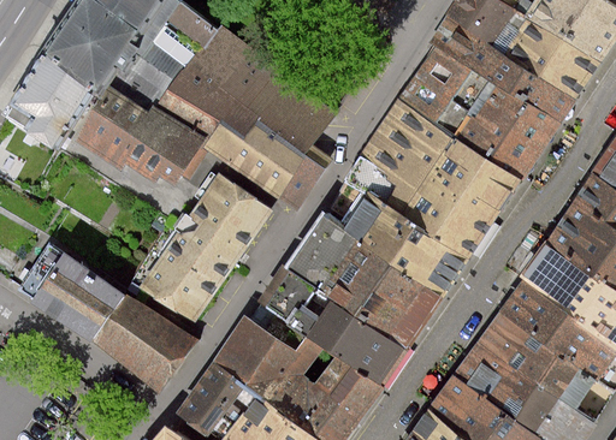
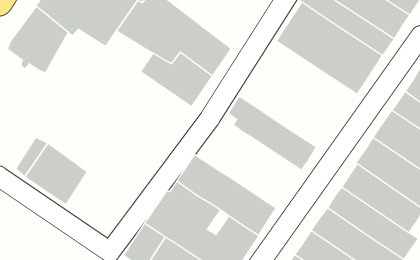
building: [81,85,223,184] -> none
building: [348,102,515,257] -> none
building: [279,145,334,212] -> none
building: [140,171,274,322] -> none
building: [285,214,439,346] -> none
building: [96,293,201,387] -> none

